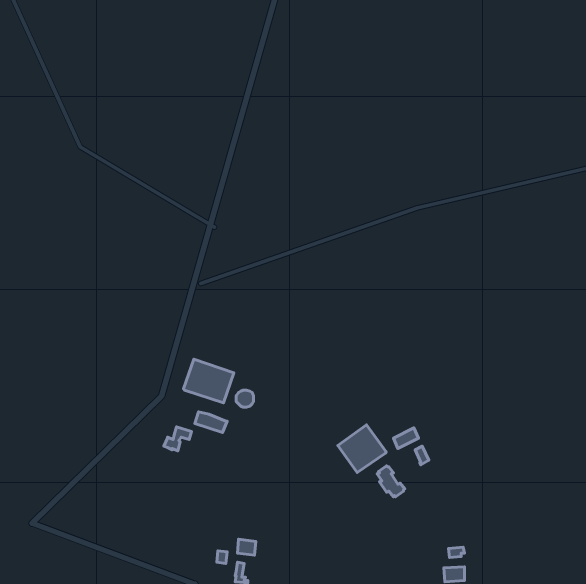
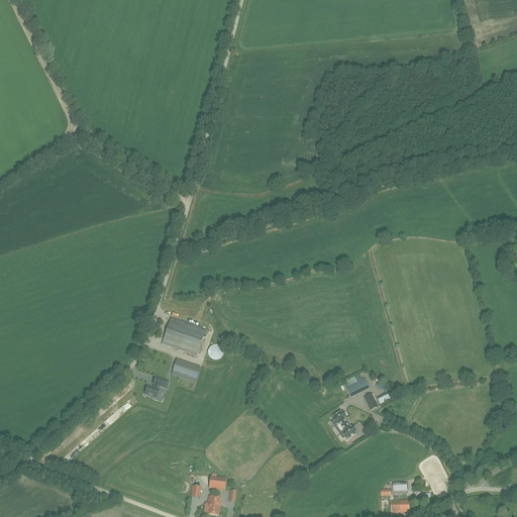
building: [338,425,386,473] -> none

